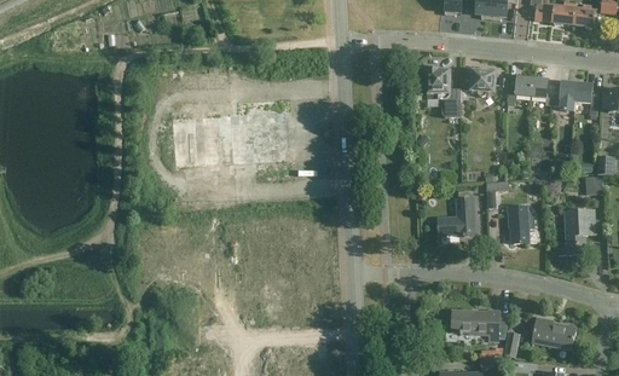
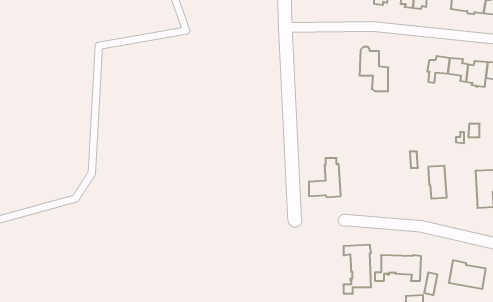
building: [469,69,496,96] -> none
building: [438,190,475,236] -> [309,158,341,197]
building: none -> [344,245,371,294]

